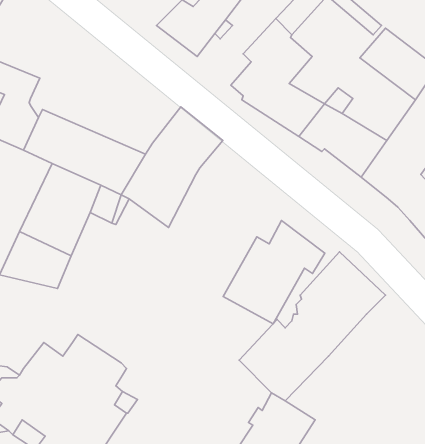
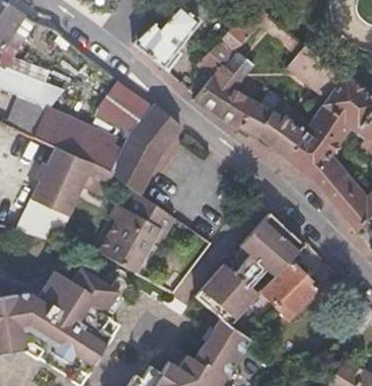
building: none -> [93,81,151,132]
building: [223,221,325,324] -> [98,195,174,272]
building: none -> [262,259,317,317]

